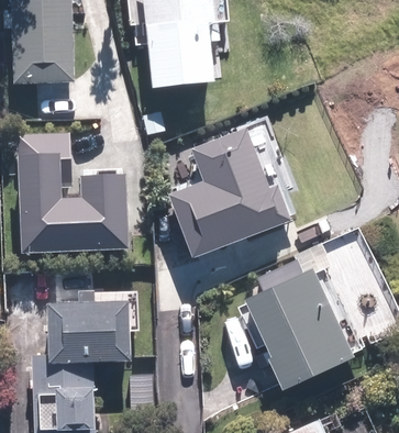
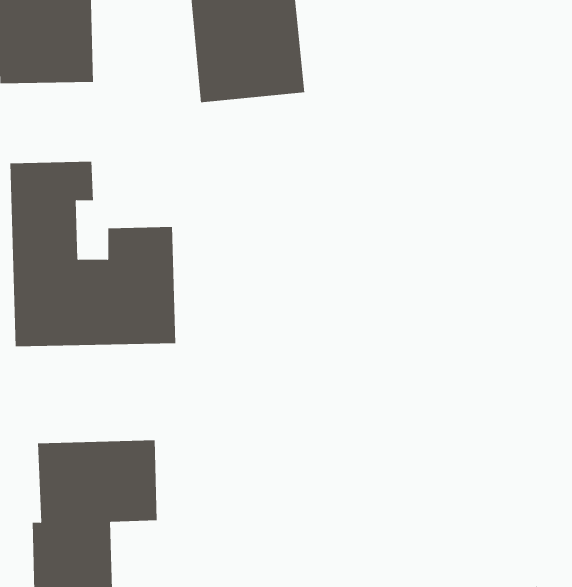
building: [167,136,268,252] -> none
building: [251,269,353,386] -> none

